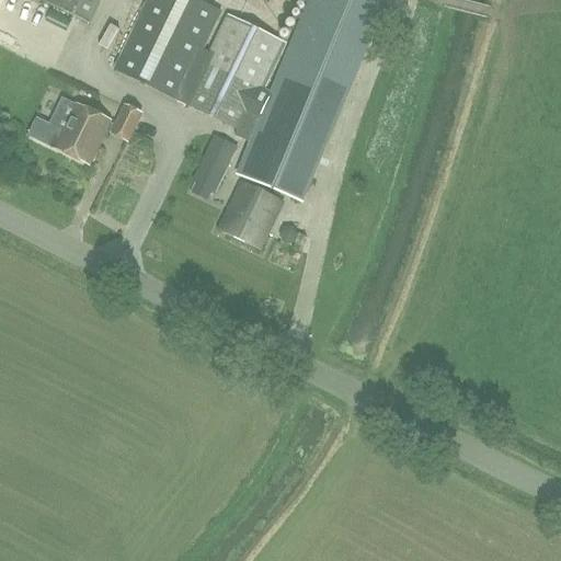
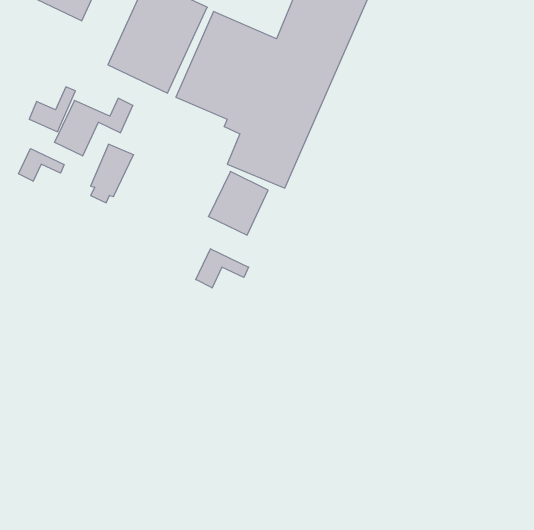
building: [193,134,238,195] -> [91,144,134,203]
building: none -> [19,149,64,181]
building: none -> [196,249,249,288]

